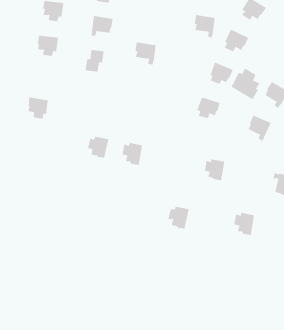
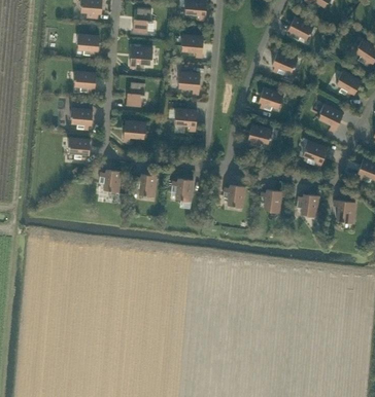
building: [194,15,216,38] -> [180,34,203,58]
building: [231,68,260,100] -> none
building: none -> [70,107,93,130]
building: none -> [174,108,197,131]
building: none -> [123,119,146,142]
building: none -> [99,169,121,192]
building: [168,206,190,229] -> [223,184,245,208]
building: [234,212,255,235] -> [297,193,318,217]

